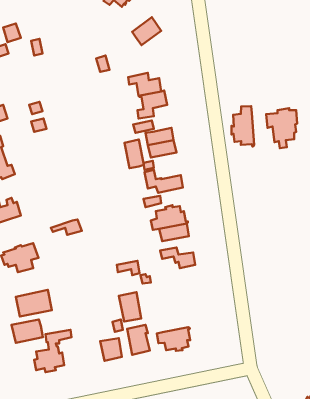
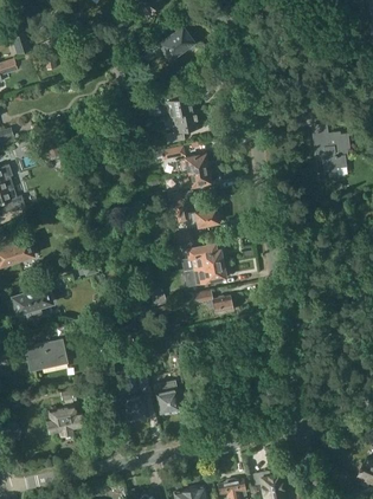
building: [232,106,254,147] -> none
building: [125,140,144,168] -> none
building: [119,292,141,322] -> none
building: [12,319,43,343] -> none
building: [157,327,190,351] -> none

